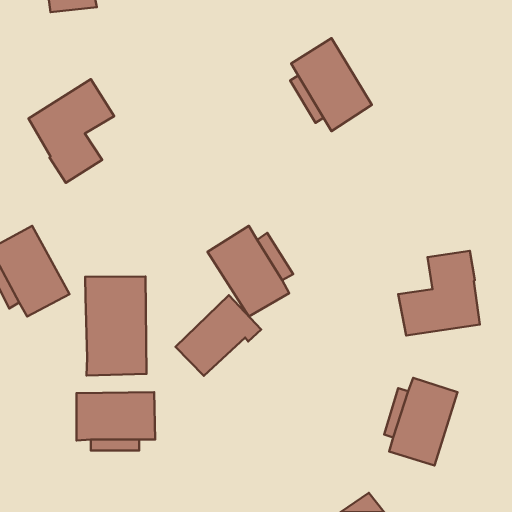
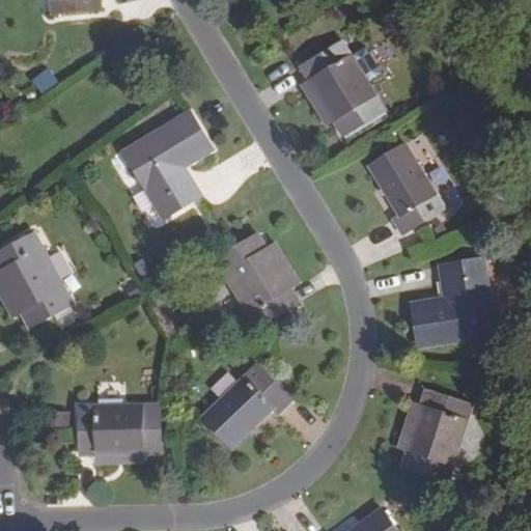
building: [28,79,114,183] -> [123,110,212,217]
building: none -> [367,143,444,232]
building: [85,277,147,375] -> none
building: [176,295,261,376] -> [201,363,289,446]

